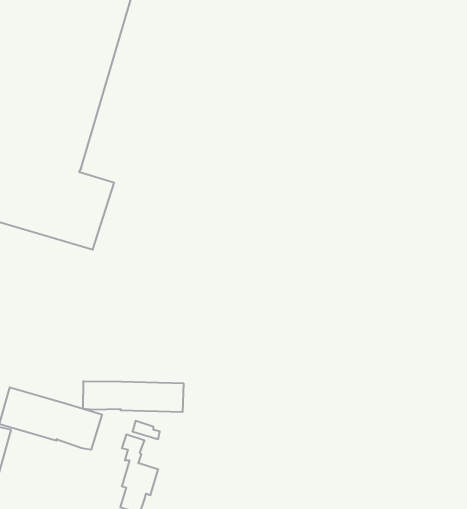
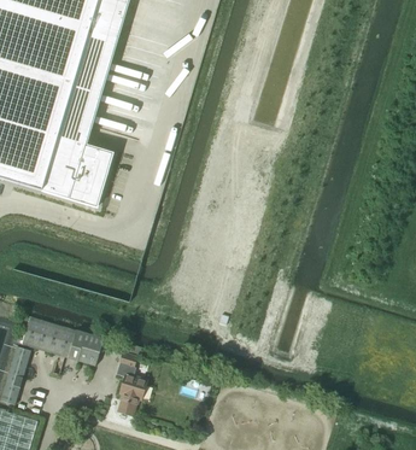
building: [83,381,183,412] -> none

